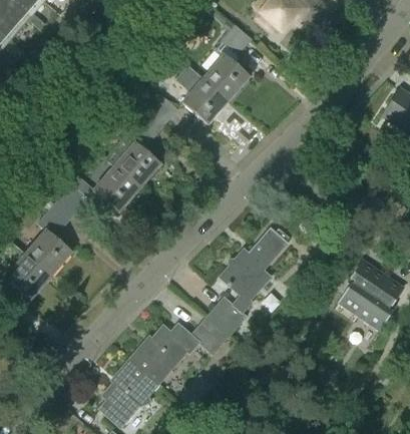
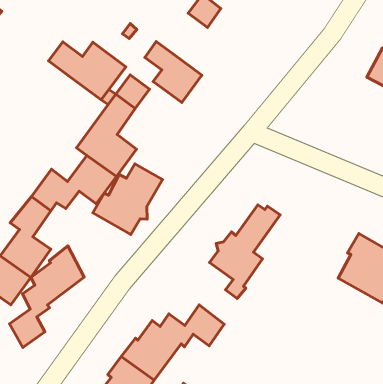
building: [202,54,249,100] -> none
building: none -> [48,42,126,100]
building: none -> [93,164,162,235]
building: none -> [10,246,84,347]
building: [207,297,246,336] -> none

